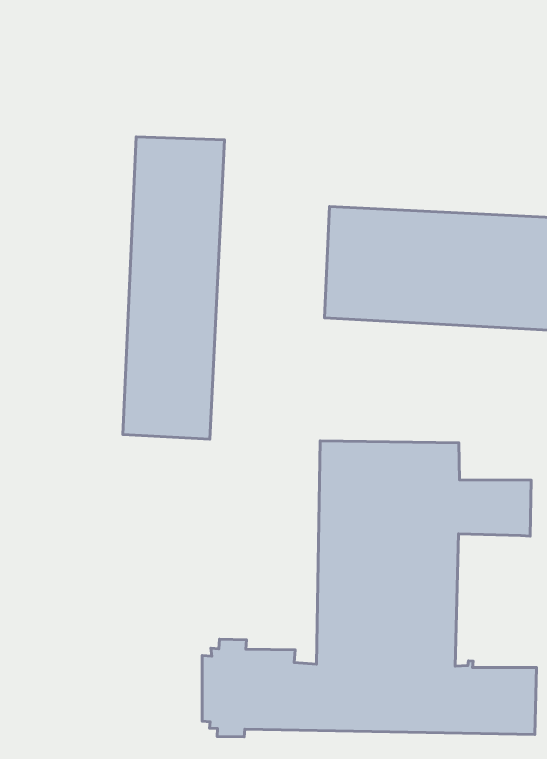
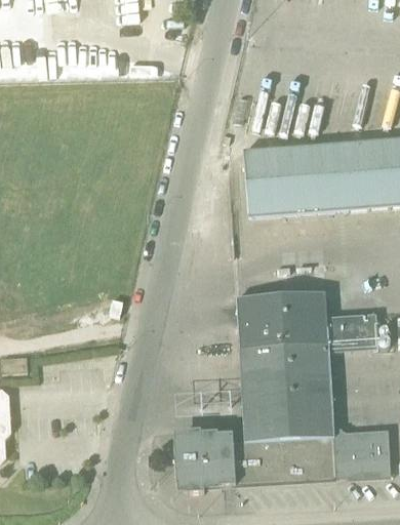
building: [123,137,225,439] -> none

